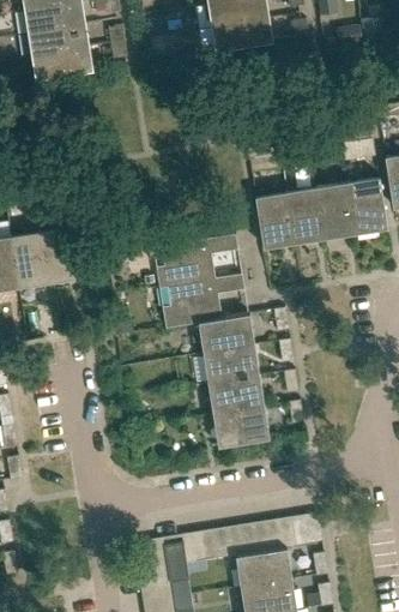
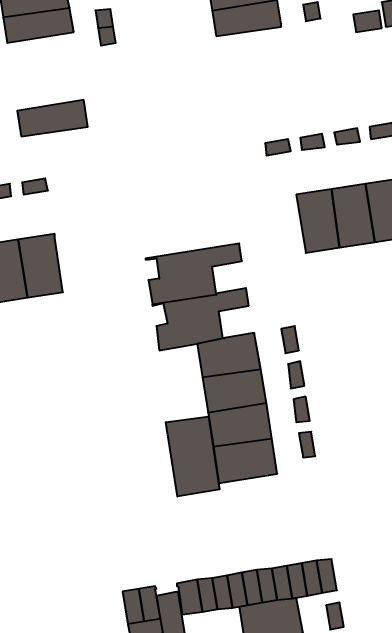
building: [31,48,93,80] -> [17,100,88,136]
building: [255,192,295,248] -> none
building: none -> [166,417,220,497]

